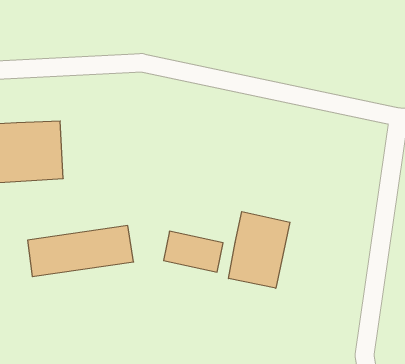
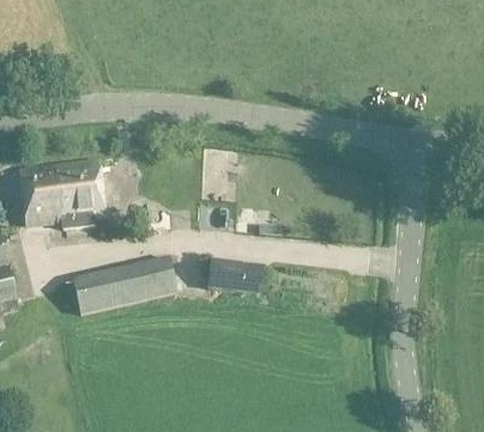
building: [229,212,290,288] -> none

